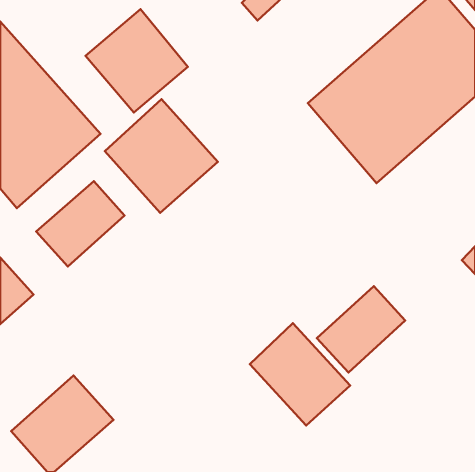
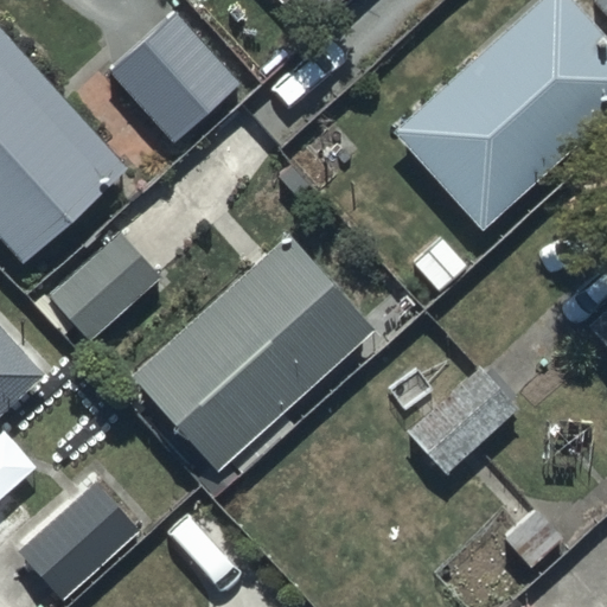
building: [105,99,218,213] -> none
building: none -> [130,235,373,472]
building: [250,323,350,426] -> none

